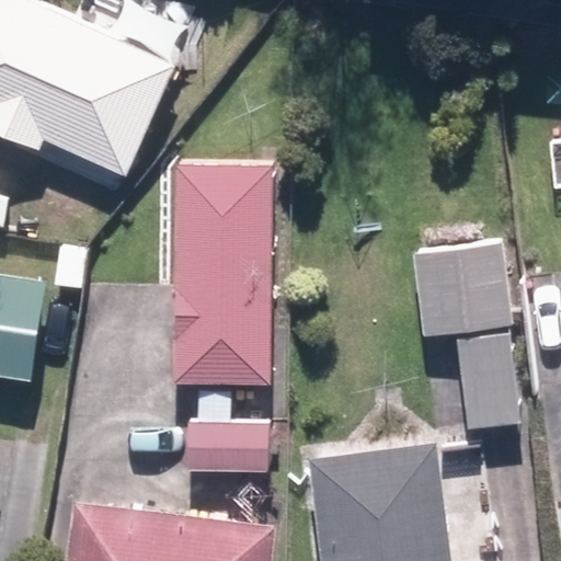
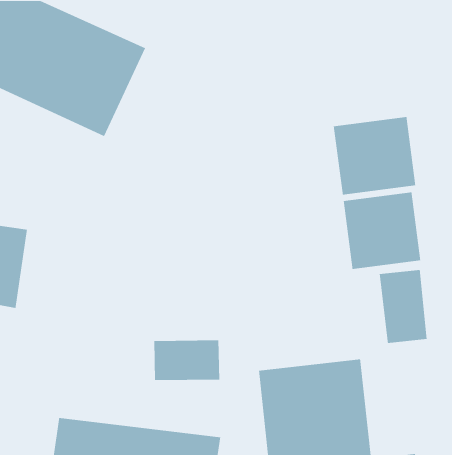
building: none -> [333,116,416,196]
building: [168,161,273,383] -> none

